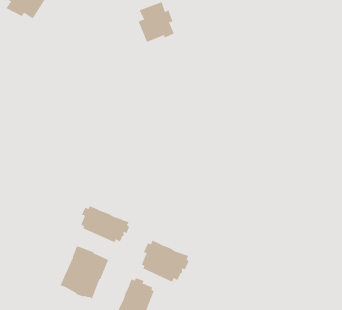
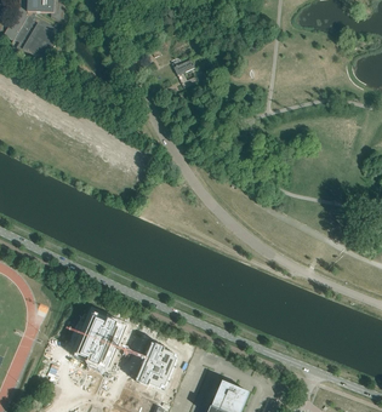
building: [81,205,130,243] -> none
building: [141,240,189,282] -> none

